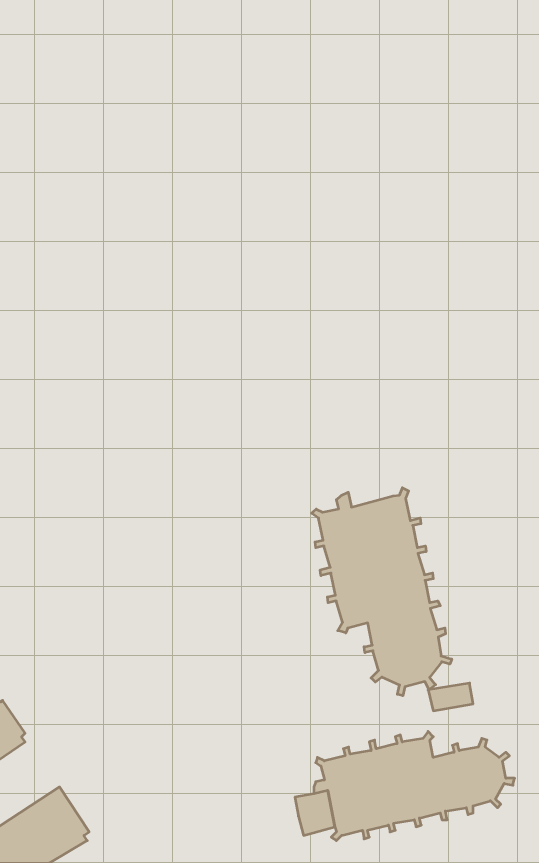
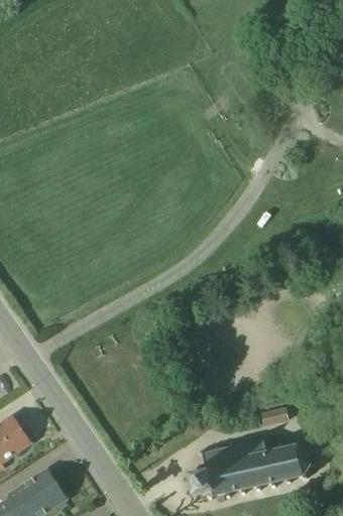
building: [312,488,452,696] -> none

